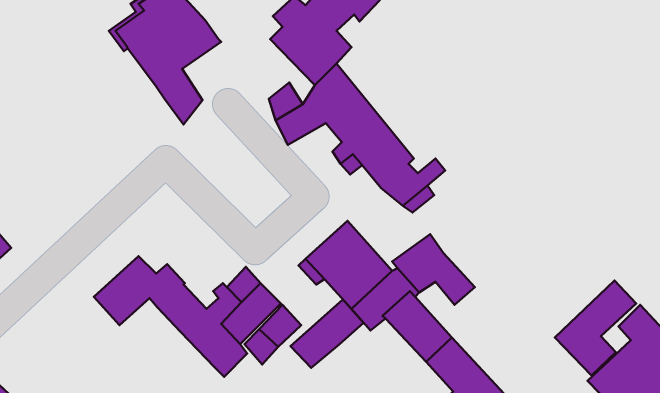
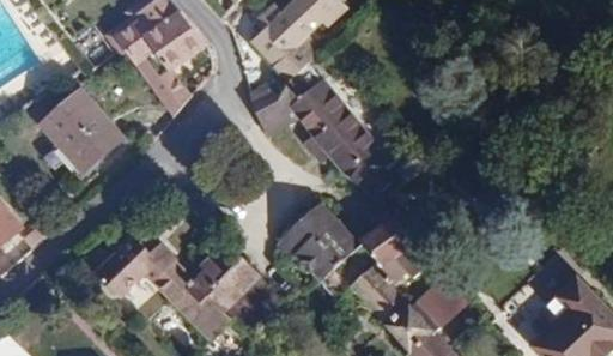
building: none -> [42,91,122,169]
building: [290,300,364,368] -> none
building: none -> [415,276,471,330]

